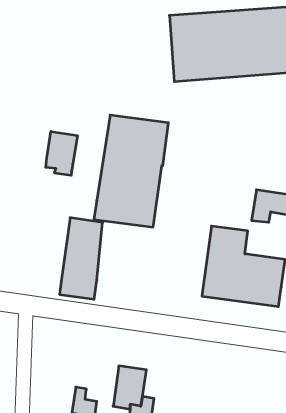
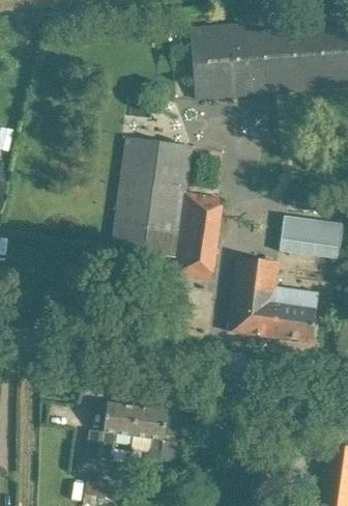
building: [46,131,77,175] -> none
building: [60,218,103,299] -> [173,190,220,278]
building: none -> [102,402,138,445]

